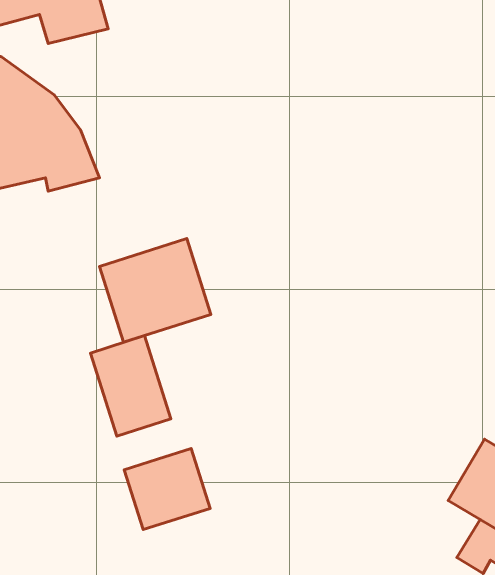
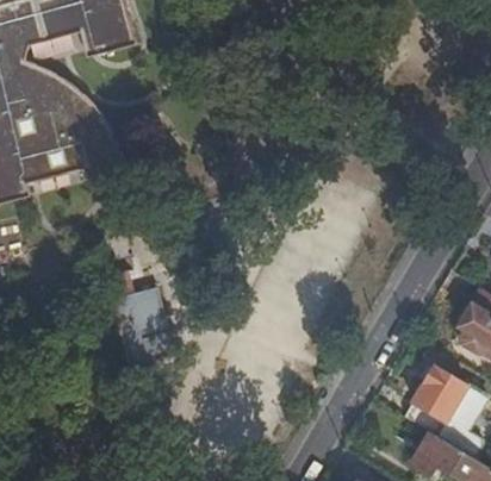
building: [100,239,211,342] -> none
building: [124,449,210,530] -> none

